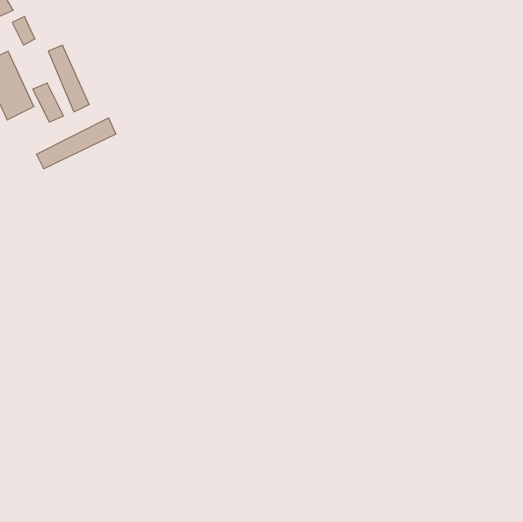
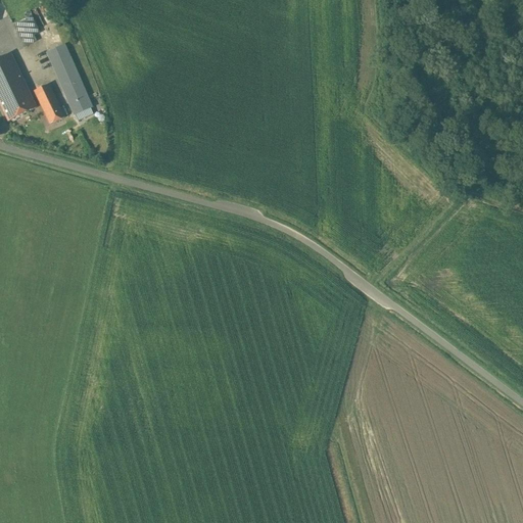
building: [37,118,116,169] -> none

